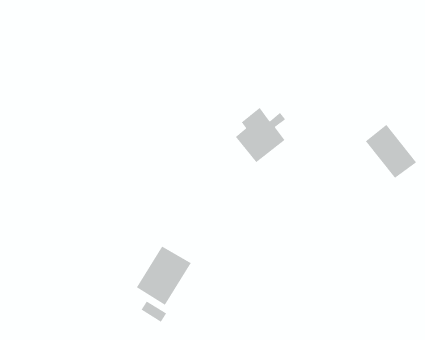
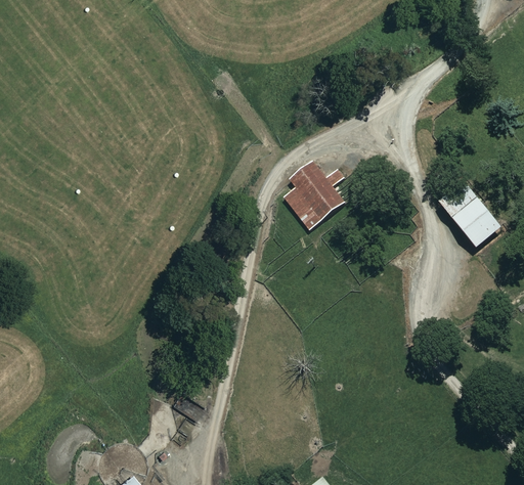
building: [136,245,192,306] -> none

